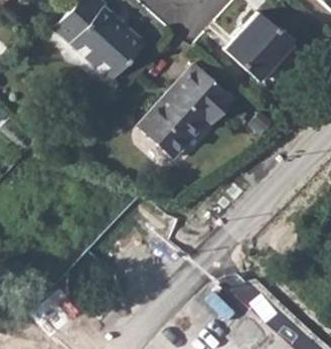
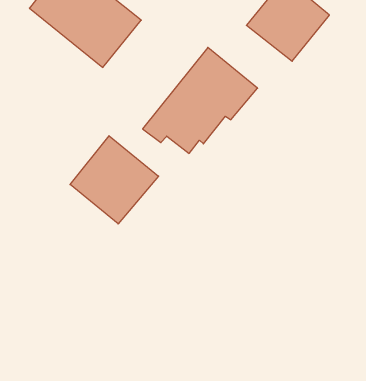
building: none -> [70,136,159,224]

